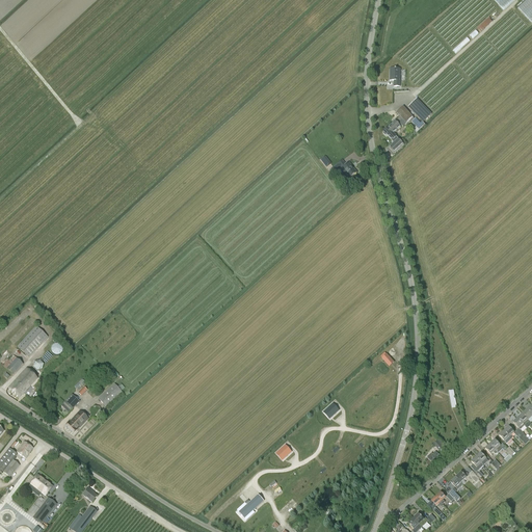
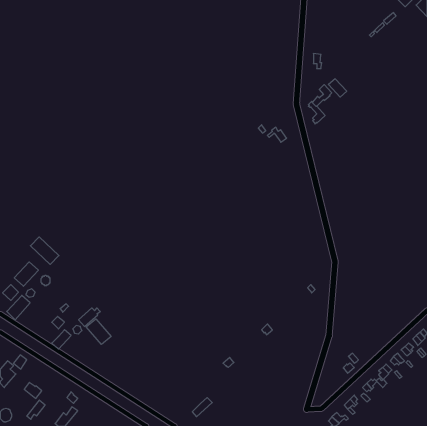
building: none -> [30,237,59,264]
building: none -> [86,319,111,344]

